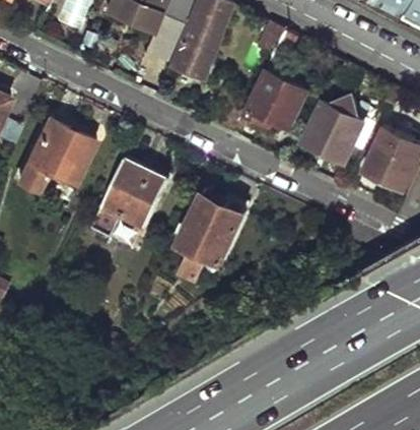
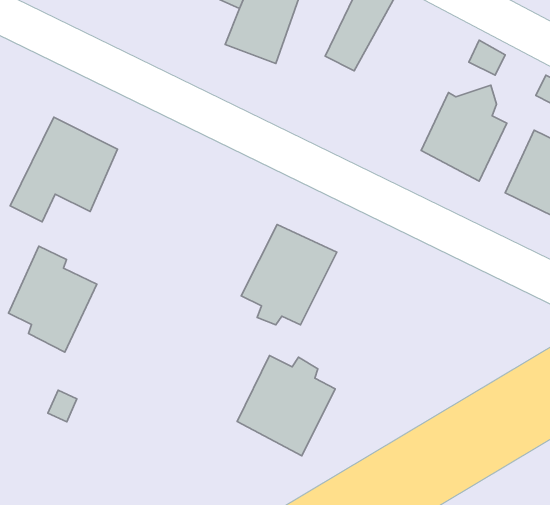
building: [247,71,307,133] -> none
building: [103,157,165,231] -> [8,246,97,352]
building: none -> [237,355,335,456]

